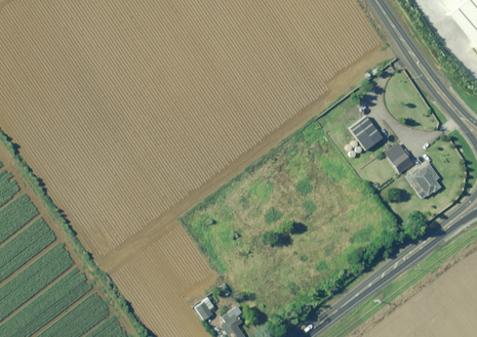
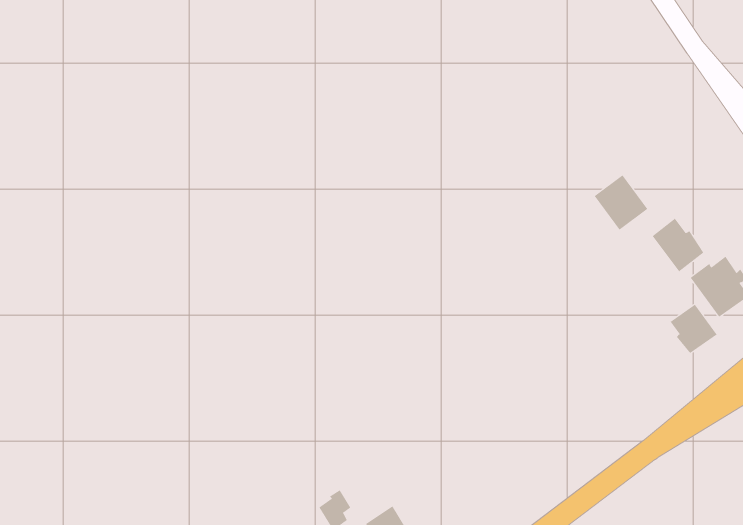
building: none -> [670,304,718,354]

